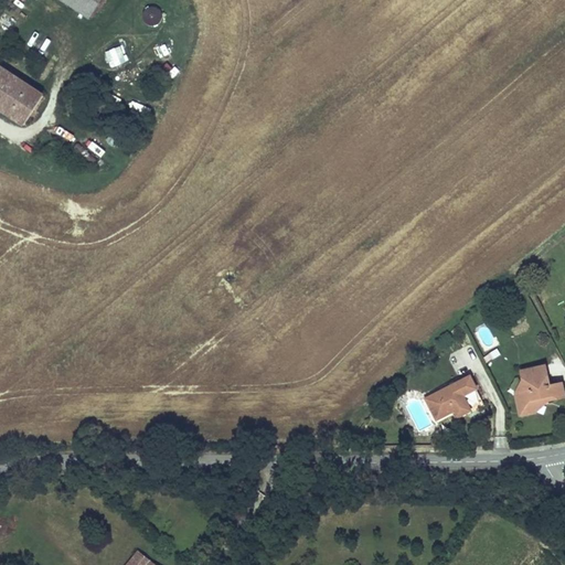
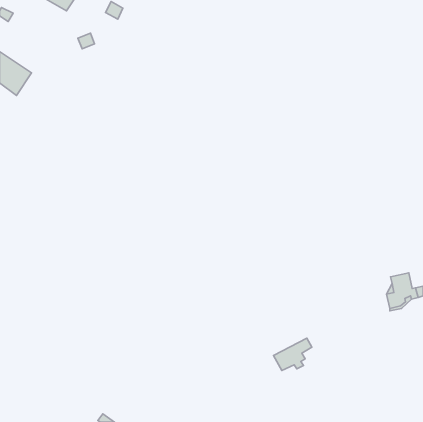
building: [425,374,476,417] -> [274,338,312,371]

